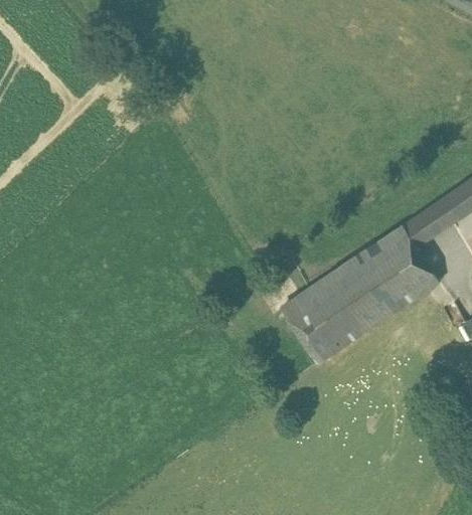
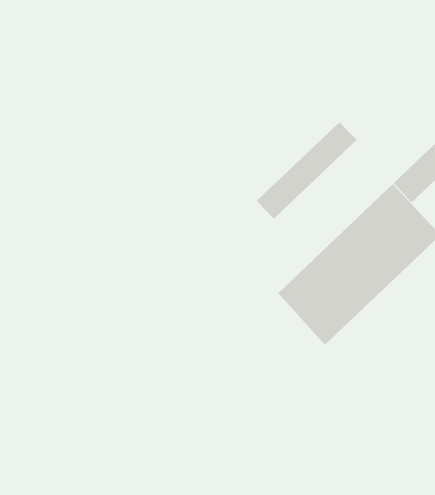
building: none -> [256,121,357,219]

